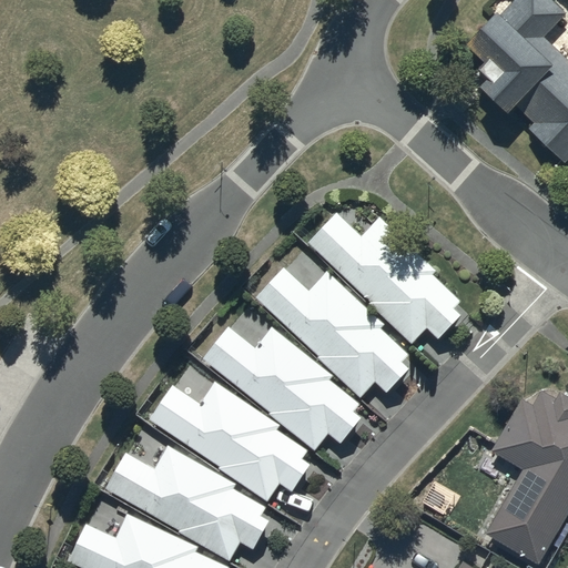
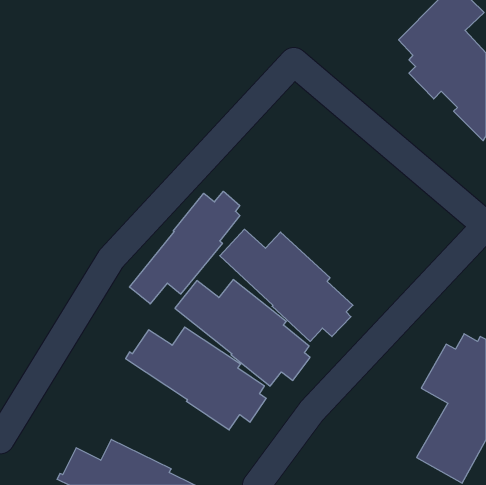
building: [308,213,463,345] -> none
building: none -> [129,191,240,304]
building: [102,445,270,561] -> none

